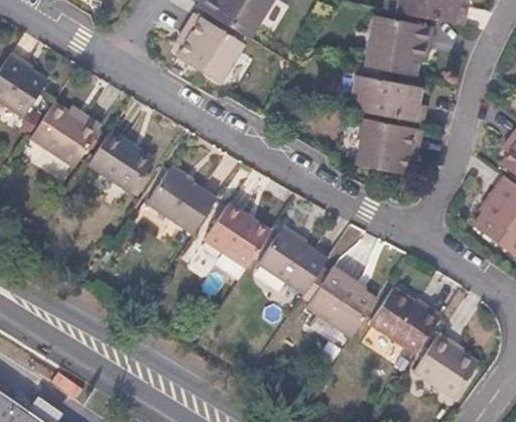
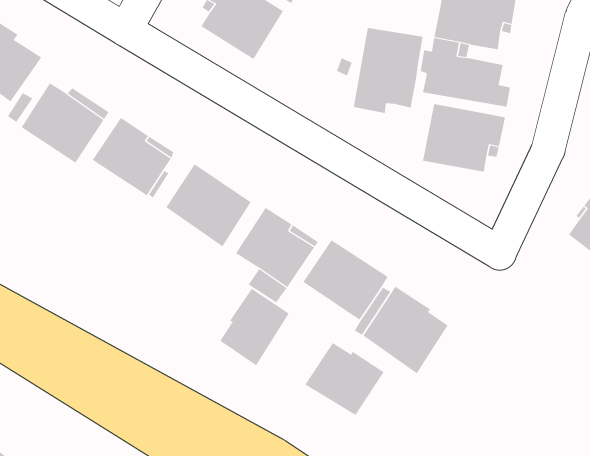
building: none -> [353,27,423,114]
building: none -> [220,288,289,366]
building: [370,287,441,355] -> none
building: none -> [304,342,385,416]
building: [413,333,478,399] -> none

